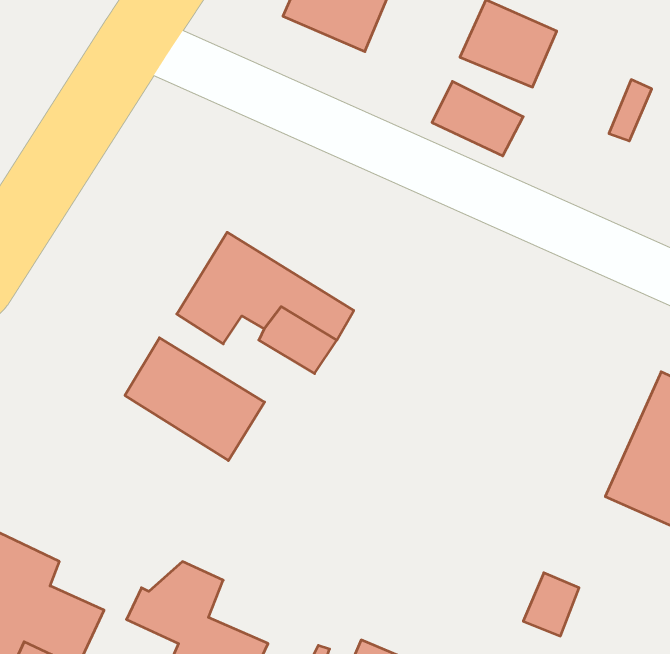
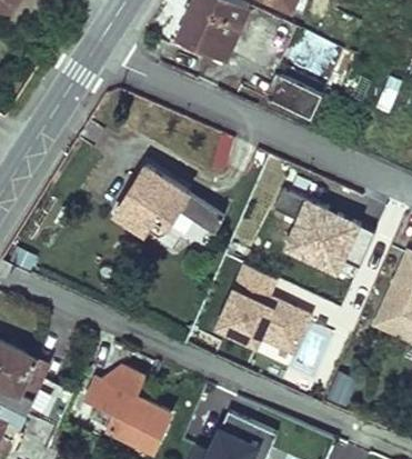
building: none -> [272,191,374,281]
building: [125,338,265,461] -> none
building: none -> [217,266,311,346]

